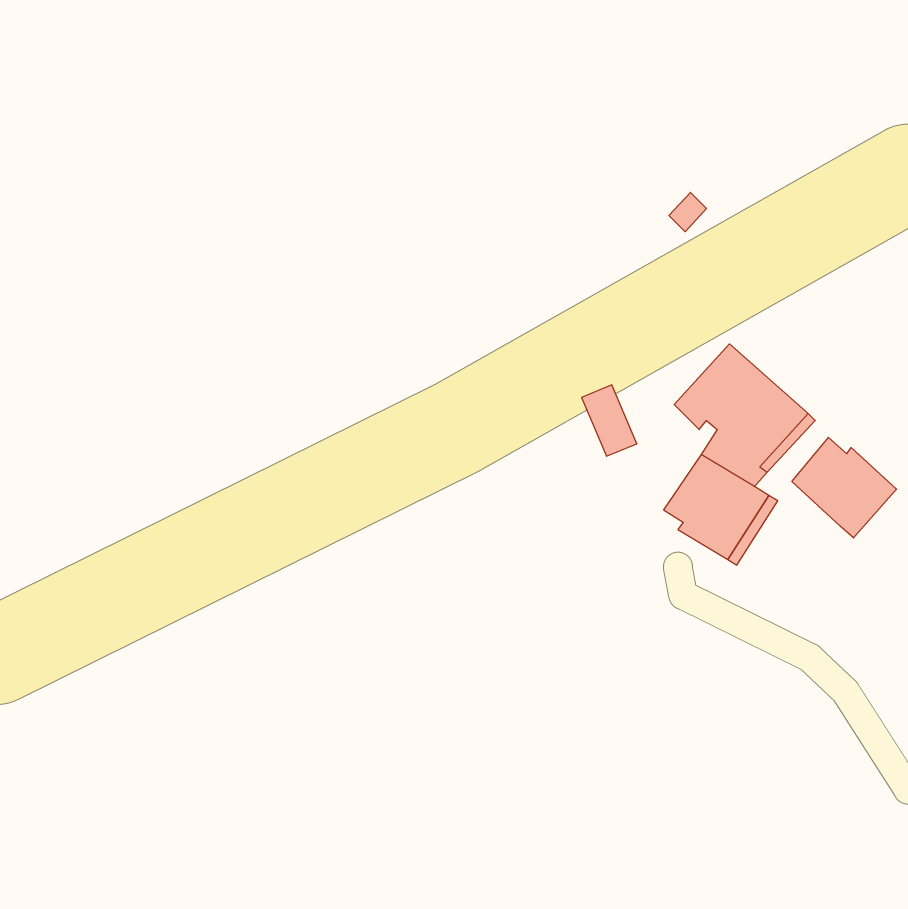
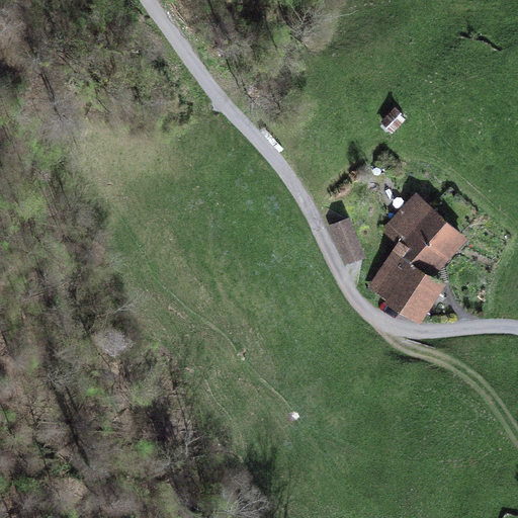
building: [792,437,897,538] -> none

